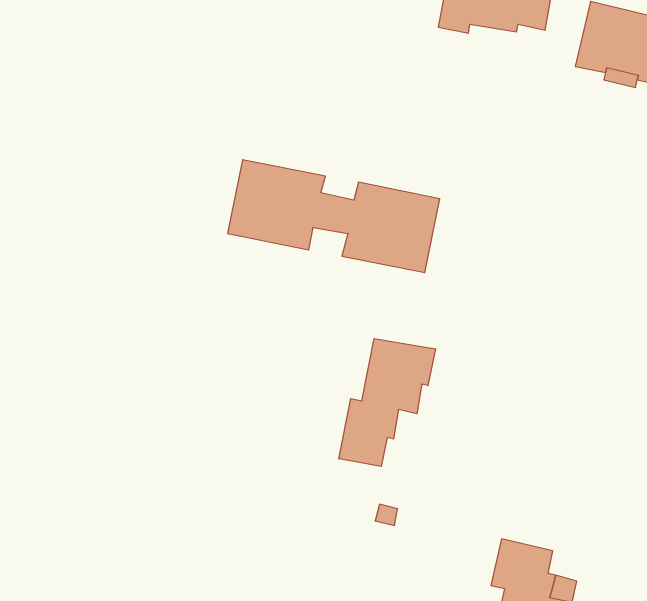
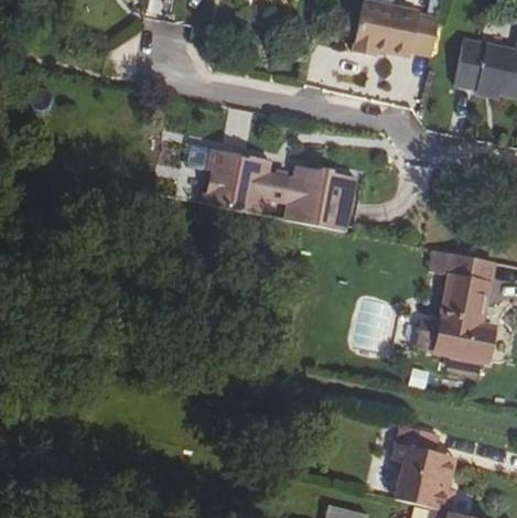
building: none -> [417,251,494,376]
building: [339,339,435,466] -> none

